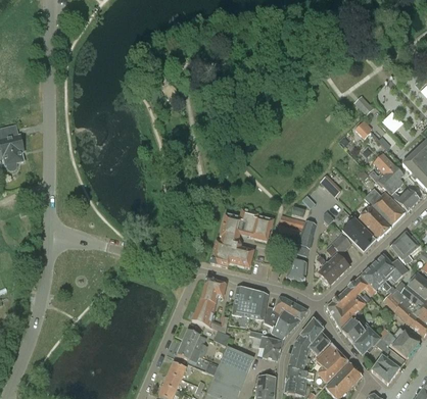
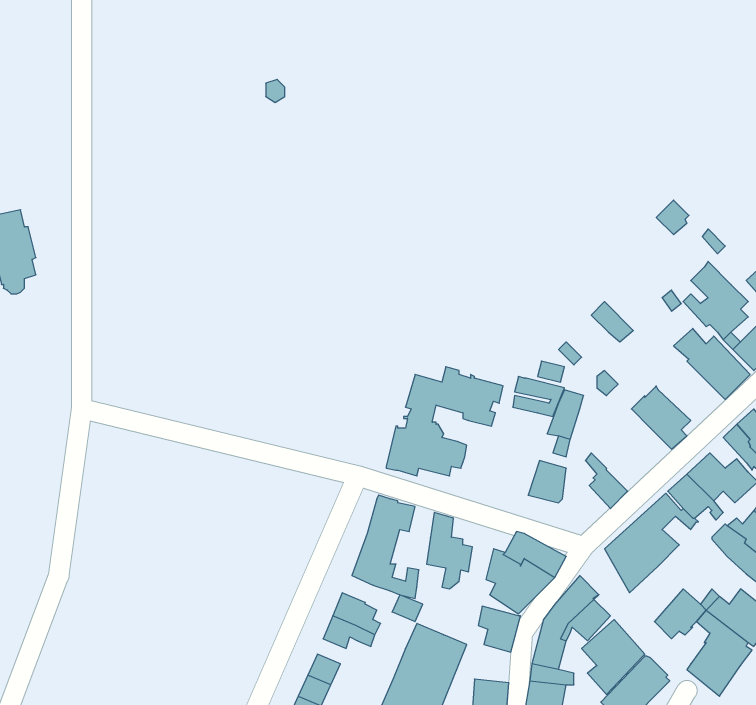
building: [358,205,391,239] -> none
building: [326,233,350,275] -> none
building: [245,289,268,318] -> none
building: [340,314,369,344] -> none

